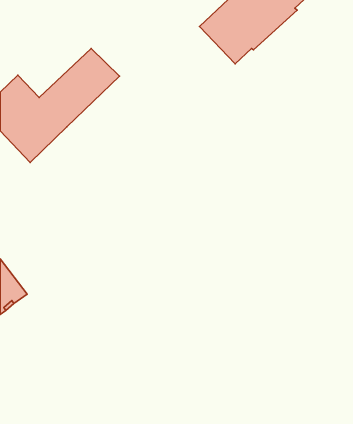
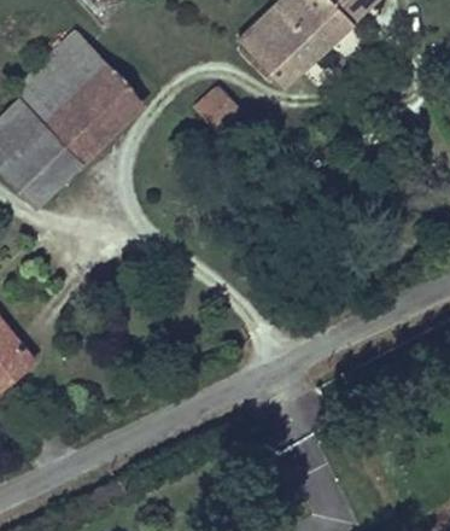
building: none -> [13,31,109,127]
building: none -> [194,86,241,133]

